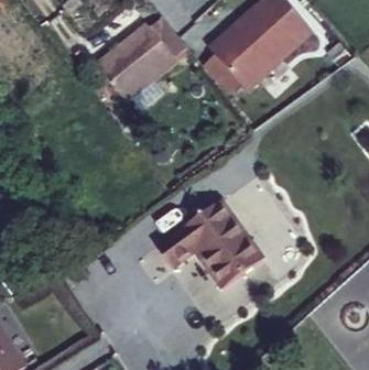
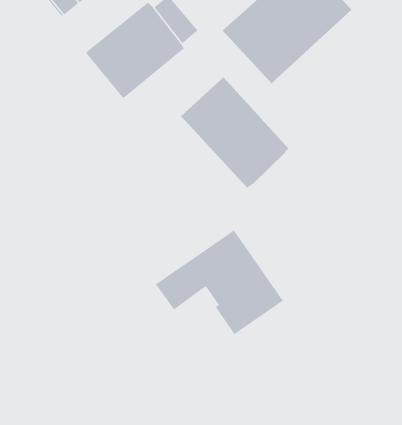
building: none -> [180,77,289,189]

